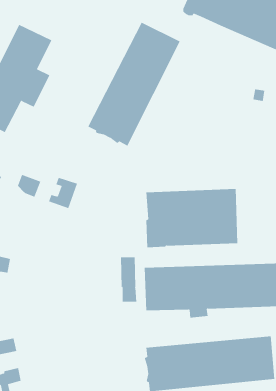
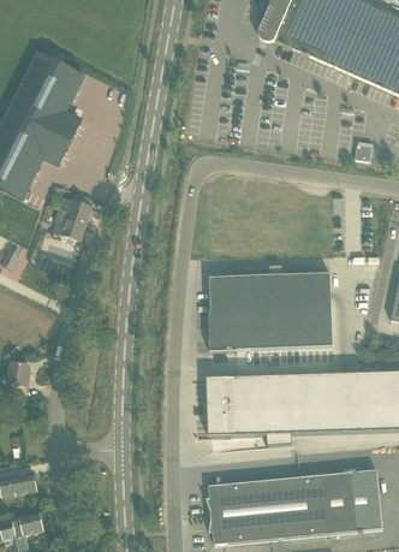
building: [88,22,181,146] -> none
building: [48,177,78,209] -> [52,197,91,239]
building: [121,257,137,302] -> none

